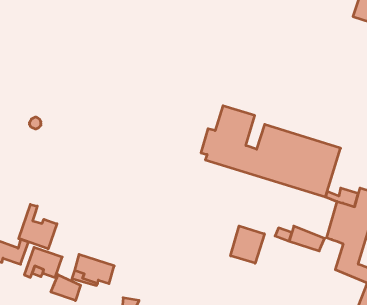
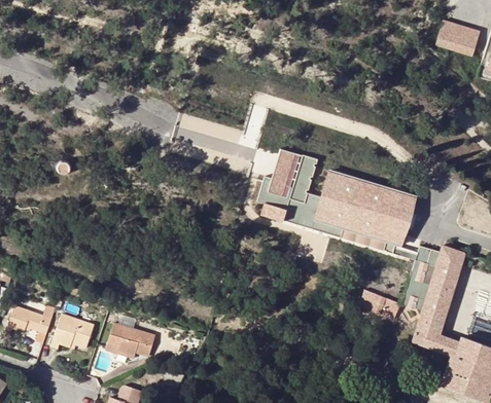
building: [19,204,57,249] -> none
building: [231,226,264,263] -> none
building: [51,275,81,301] -> none

